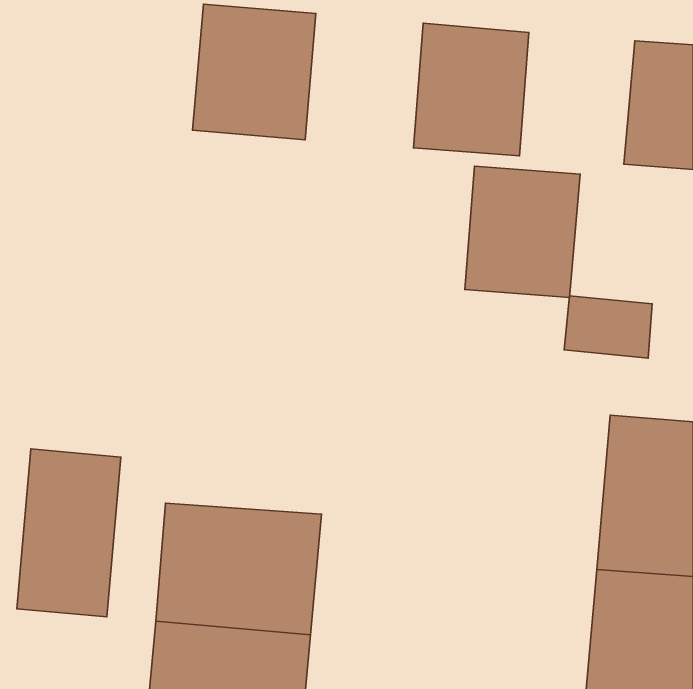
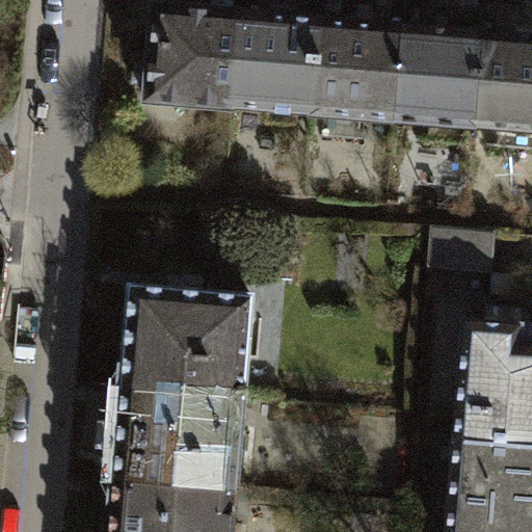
building: none -> [234,14,324,116]
building: [465,166,580,298] -> [398,28,486,129]
building: none -> [127,291,252,397]
building: [17,449,121,617] -> none

